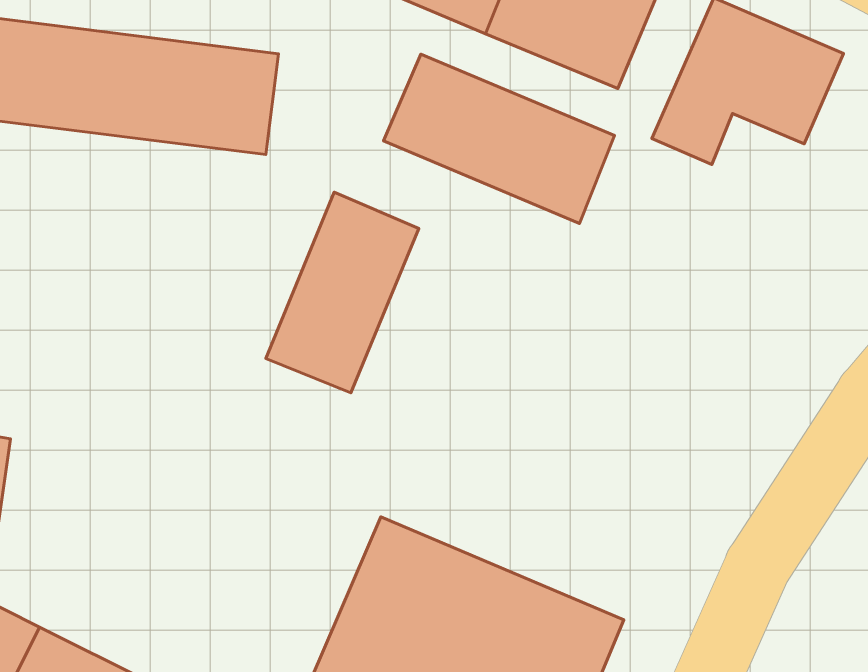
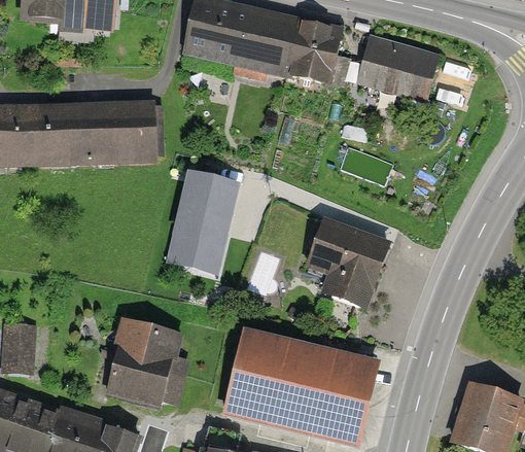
building: [384,54,615,223] -> none
building: none -> [307,215,392,312]
building: none -> [100,318,186,413]

